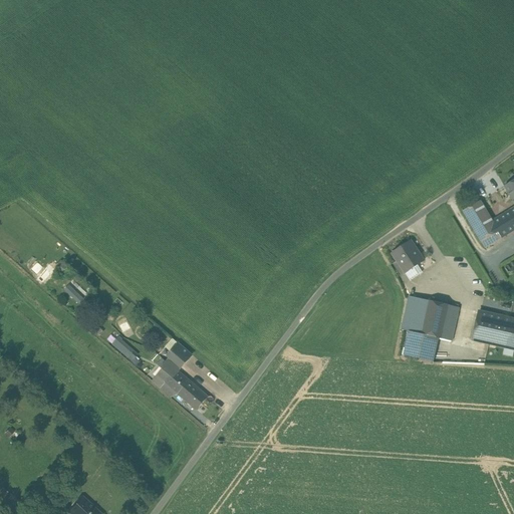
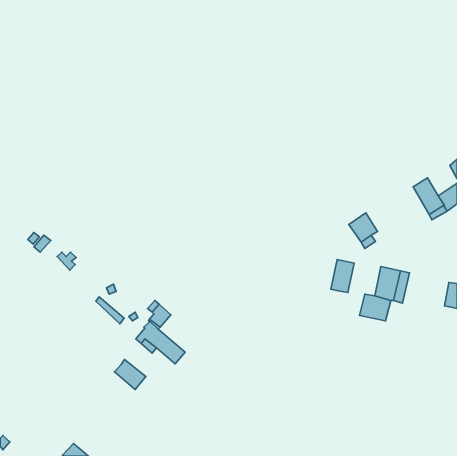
building: [402,295,428,332] -> [331,260,354,293]
building: [473,311,504,343] -> none
building: none -> [114,359,146,389]

